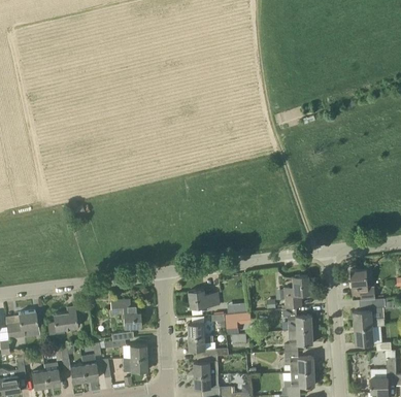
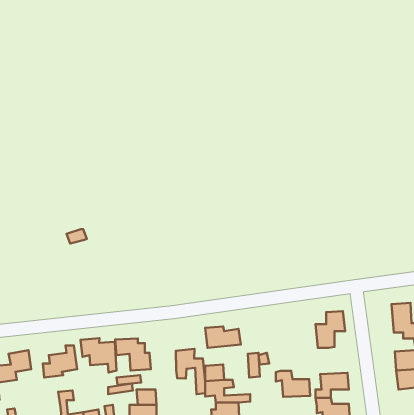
building: none -> [80,338,116,372]
building: [282,308,312,331] -> [276,371,310,397]
building: none -> [176,349,205,394]

